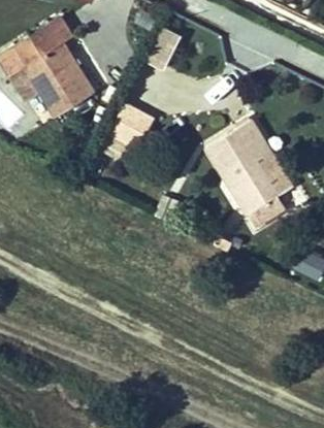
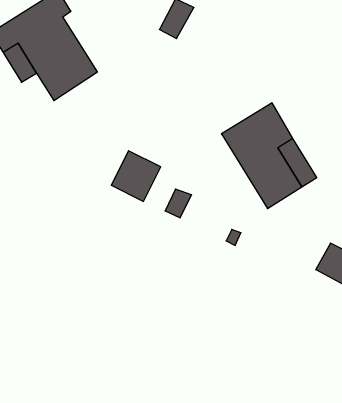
building: [109,103,154,149] -> [111,151,161,201]

